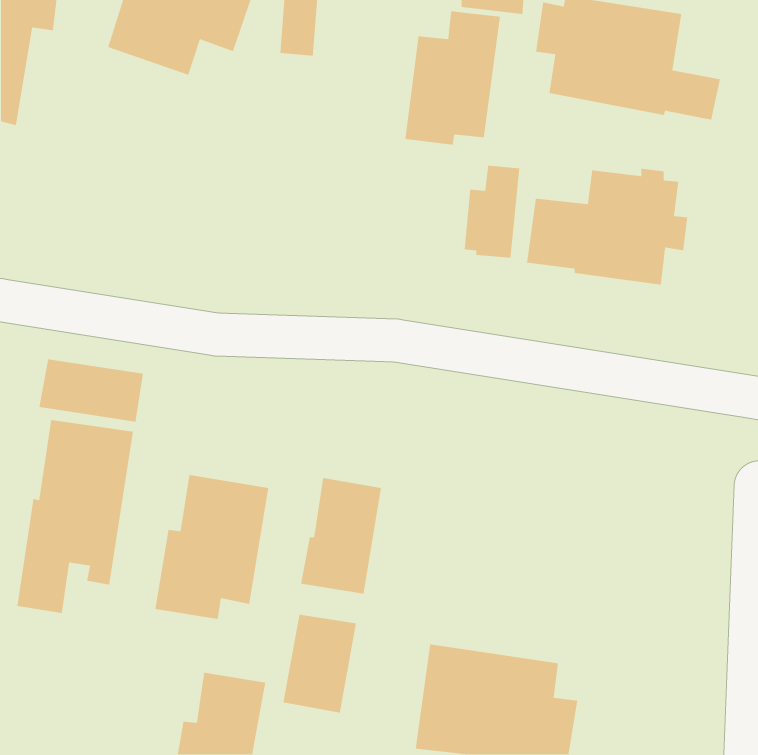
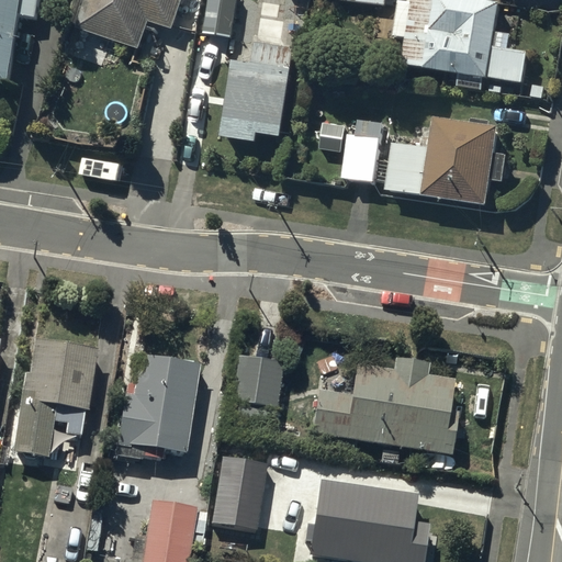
building: [404,10,501,146] -> [224,53,295,153]
building: [38,359,144,423] -> none
building: none -> [312,353,454,449]

